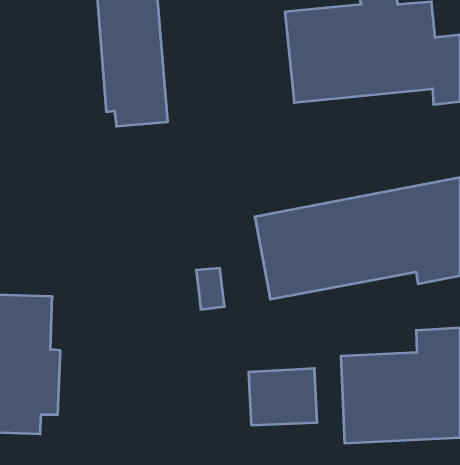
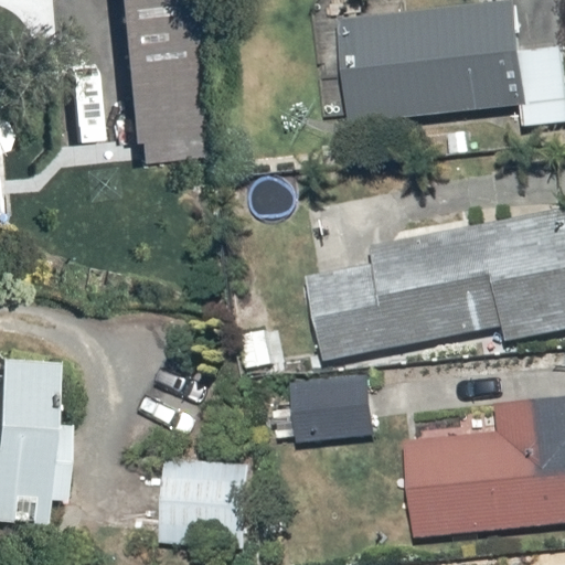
building: [249,368,317,425] -> [295,369,377,437]
building: none -> [160,455,246,544]

